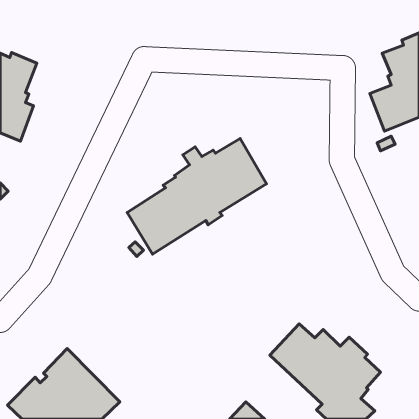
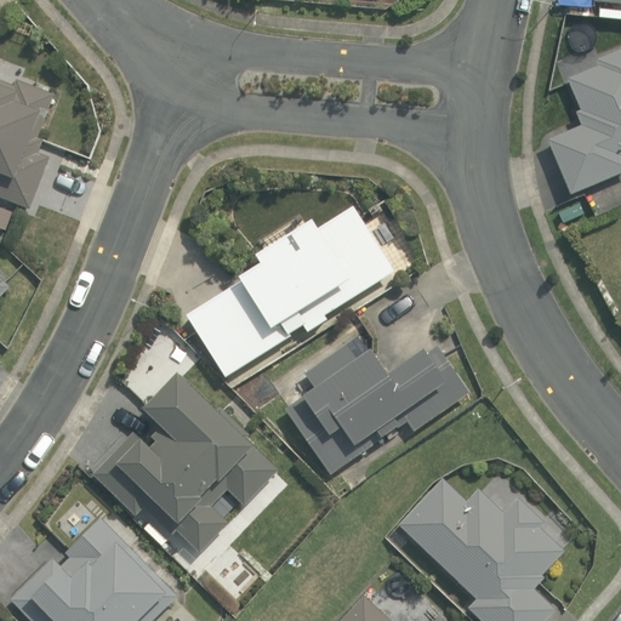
building: none -> [284,343,468,473]
building: none -> [92,371,275,552]

